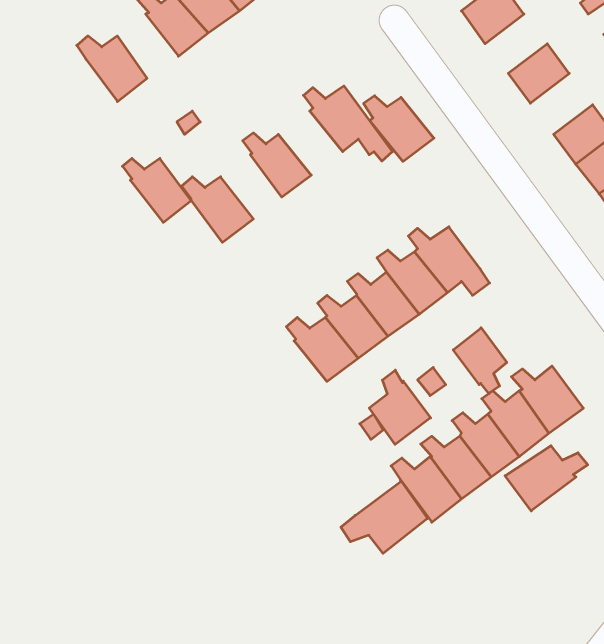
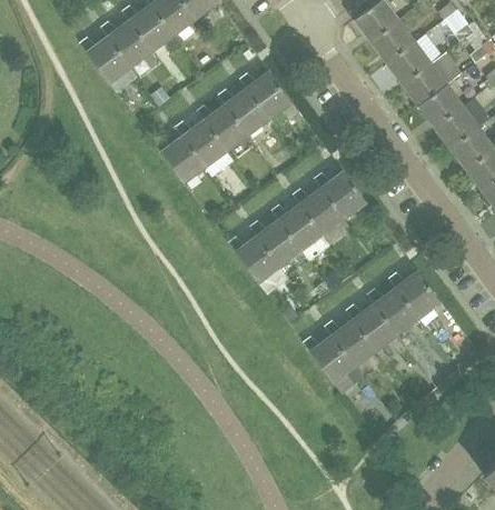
building: none -> [103,21,154,67]
building: none -> [372,21,416,63]
building: none -> [404,63,448,107]
building: [364,96,434,161] -> [220,89,270,136]
building: [122,158,191,222] -> [178,121,227,167]
building: [453,328,507,394] -> none
building: [369,370,431,444] -> none
building: [505,446,588,511] -> none
building: [341,481,427,553] -> none

